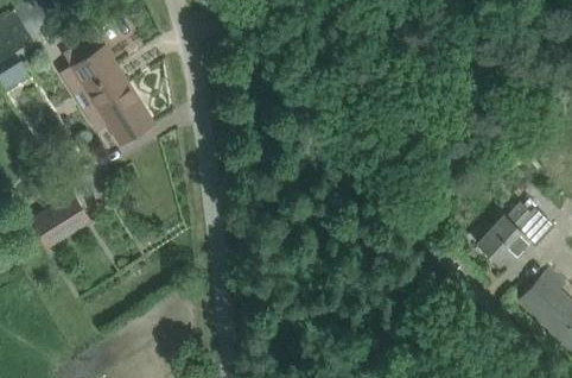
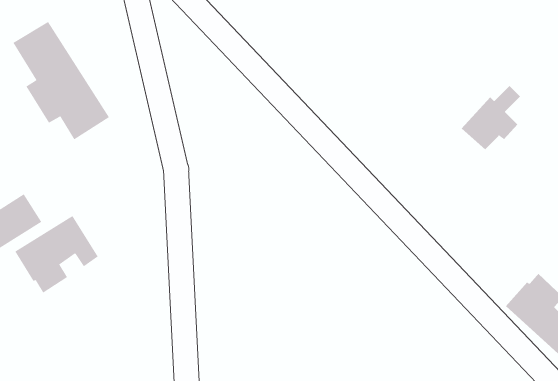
building: [477,204,533,265] -> [461,85,521,150]
building: none -> [14,215,99,294]

